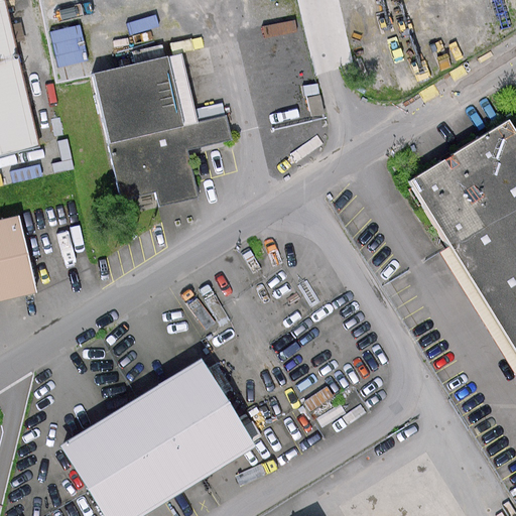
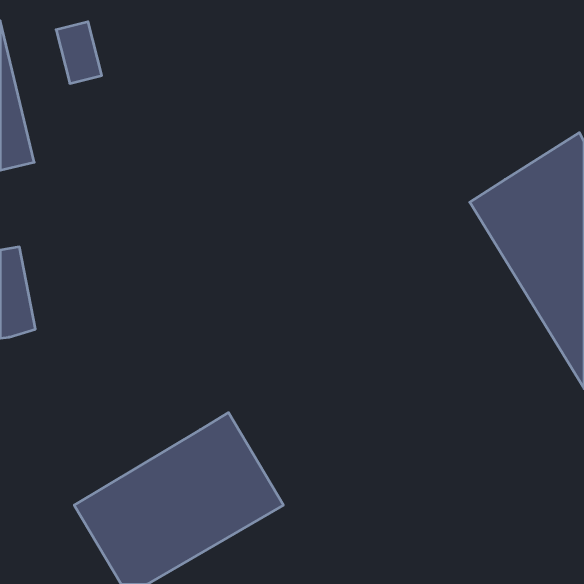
building: [95,56,230,202] -> none

